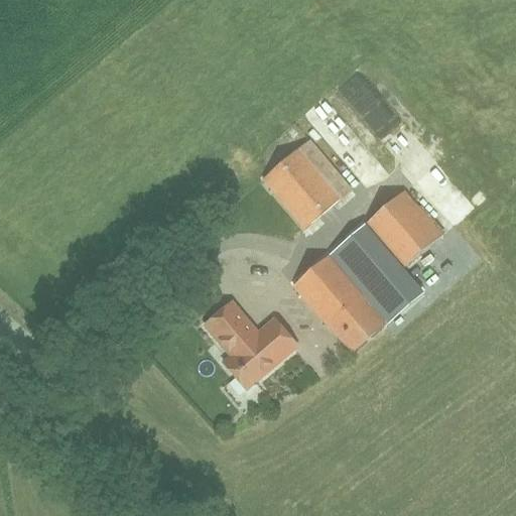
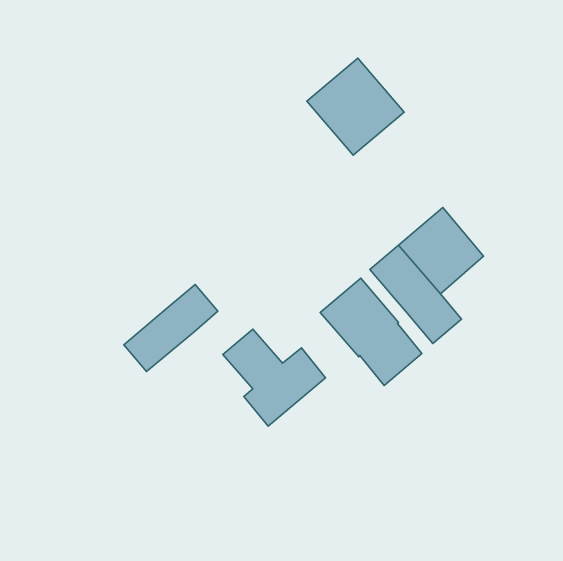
building: [262,139,351,228] -> [307,58,404,155]
building: none -> [124,285,218,372]

